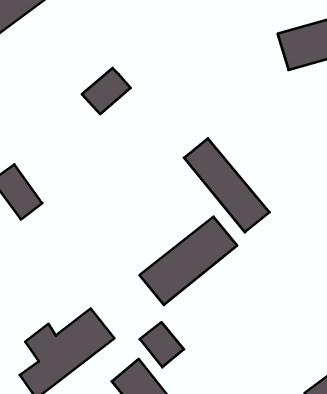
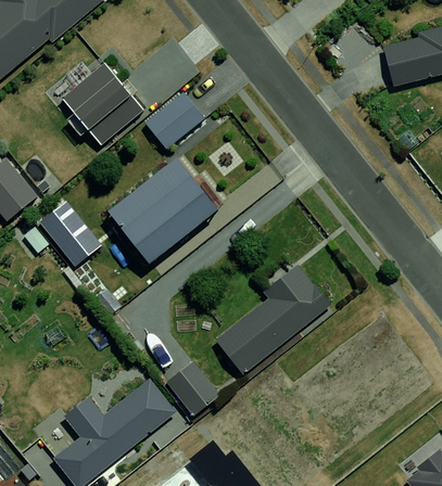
building: none -> [52,65,139,153]
building: none -> [114,152,226,259]
building: [184,138,270,232] -> none
building: [140,322,184,367] -> [167,357,220,411]

